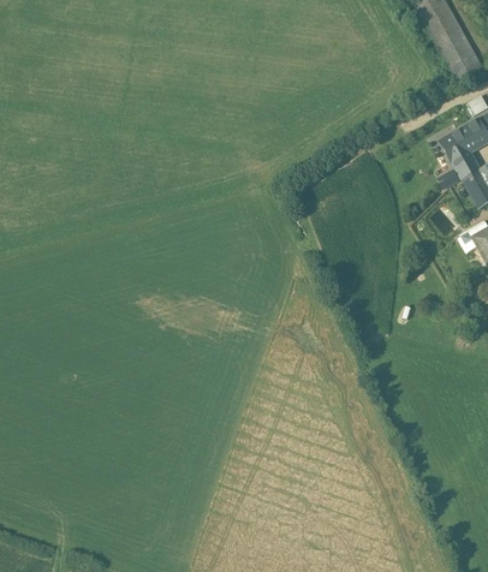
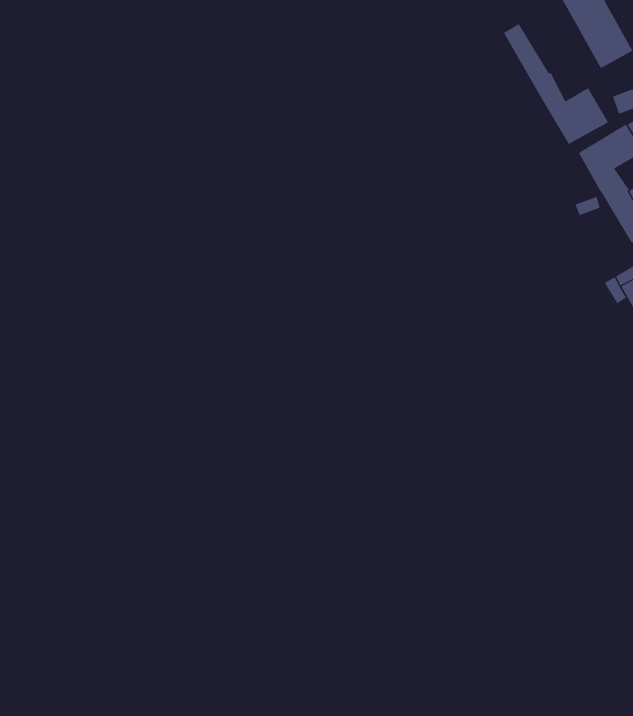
building: none -> [503,23,608,146]

